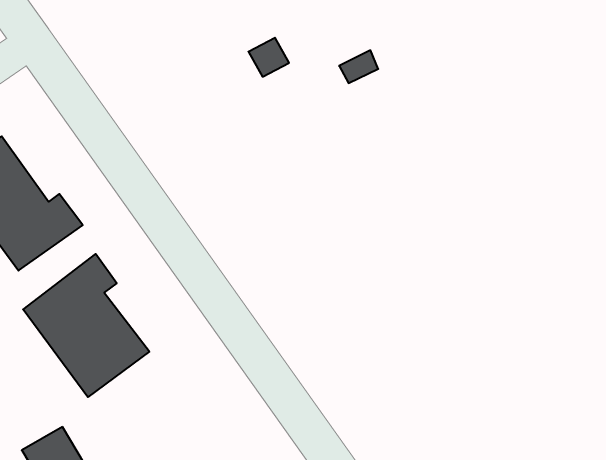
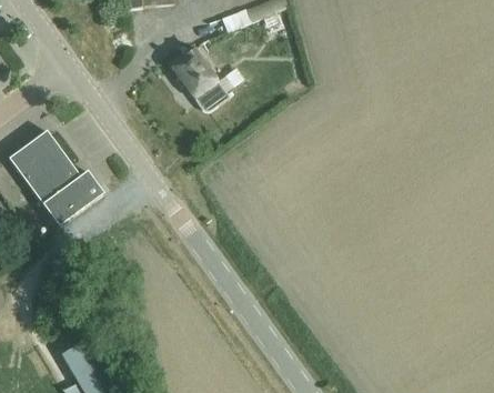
building: none -> [169,44,229,112]
building: [23,254,149,397] -> none

